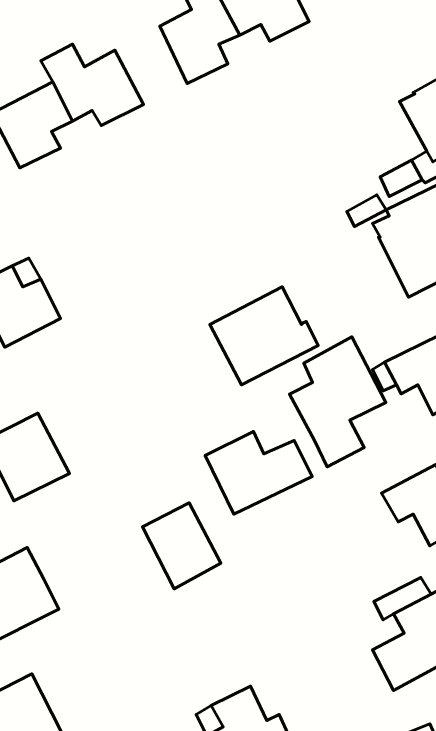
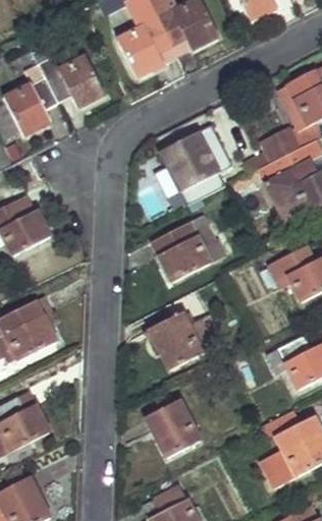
building: none -> [160,132,227,191]
building: [289,337,386,467] -> none
building: [143,503,221,589] -> [146,401,199,459]

